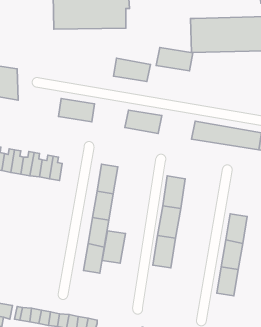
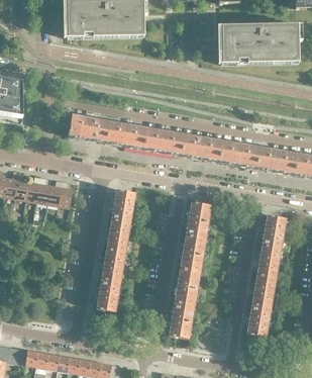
building: [156,47,193,71] -> [181,134,222,161]
building: [114,58,151,82] -> [106,121,147,148]
building: none -> [262,214,286,248]
building: [102,231,125,263] -> [169,302,195,339]

